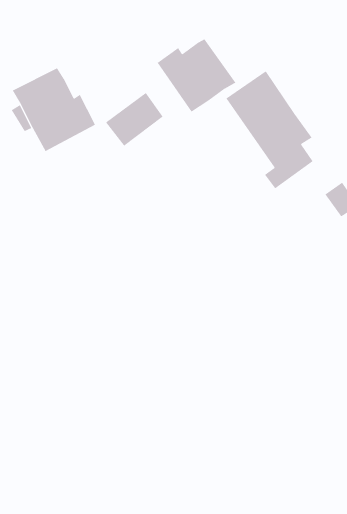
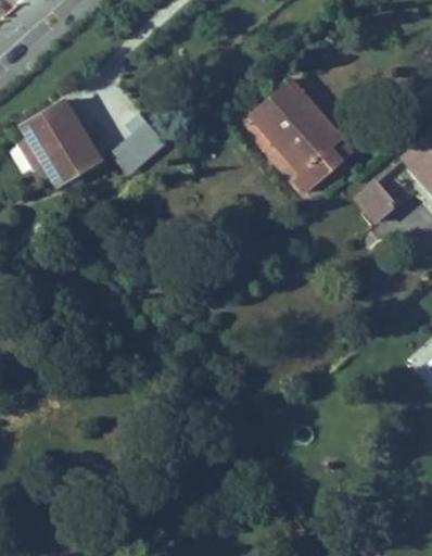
building: [157,39,236,112] -> none

